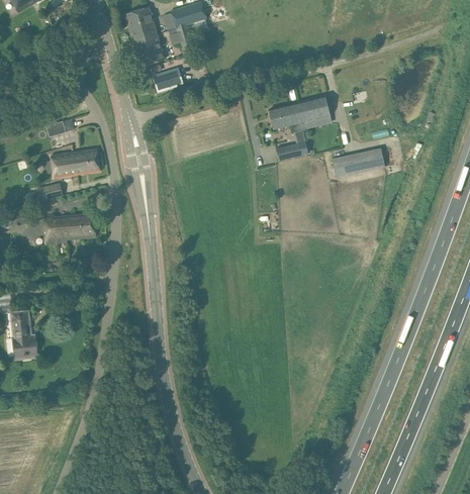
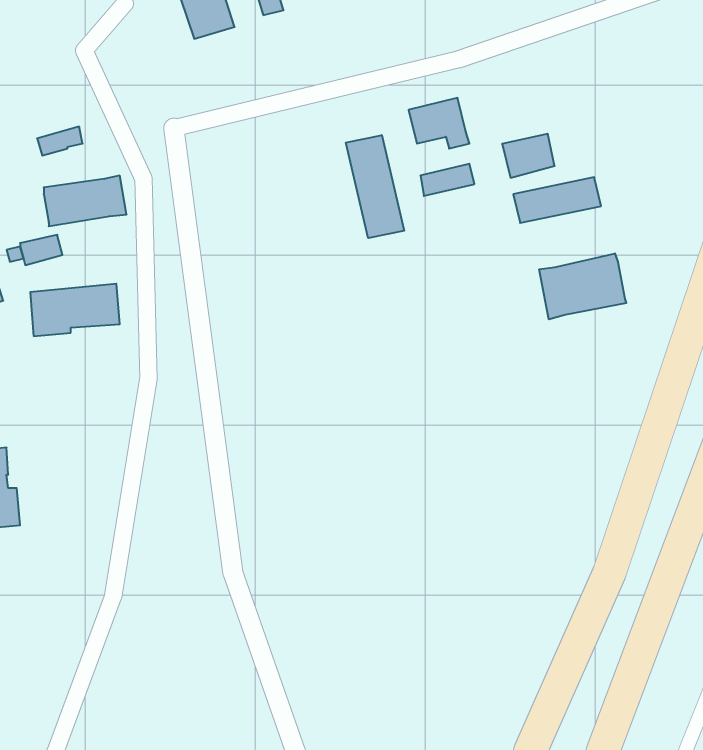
building: [154,70,182,91] -> none
building: [298,95,330,121] -> [502,134,555,178]
building: none -> [346,135,404,238]
building: none -> [539,253,626,319]

